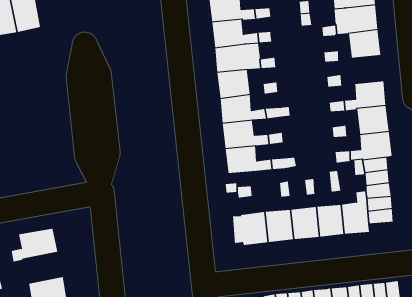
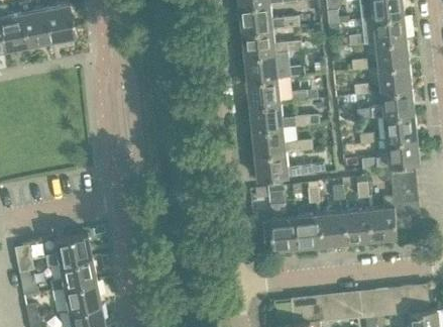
building: none -> [379,64,412,92]
building: none -> [49,256,97,291]

